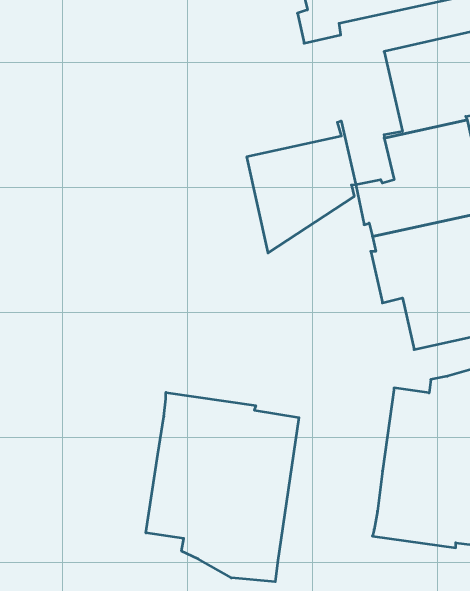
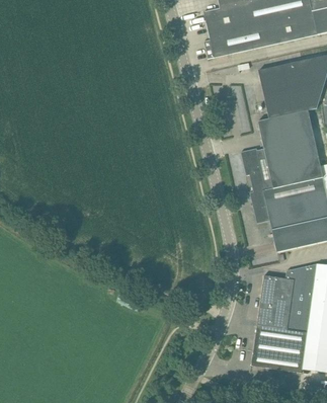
building: [247,121,356,253] -> none
building: [146,392,299,582] -> none

